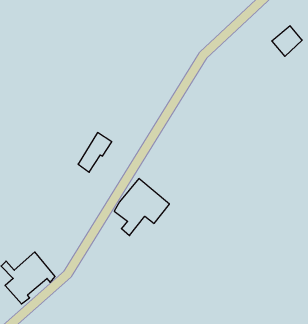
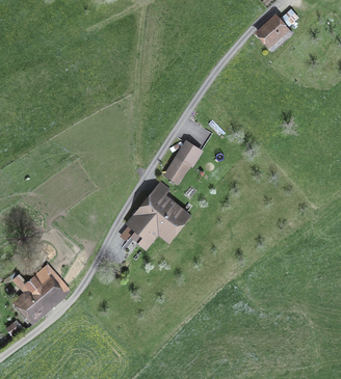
building: [272,26,302,56] -> [260,18,291,49]
building: [78,133,112,172] -> [165,142,200,183]

